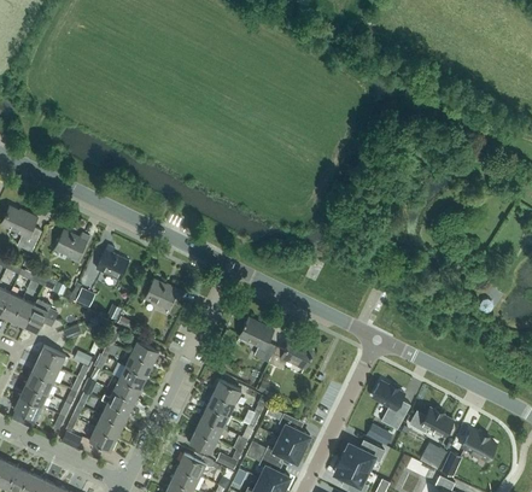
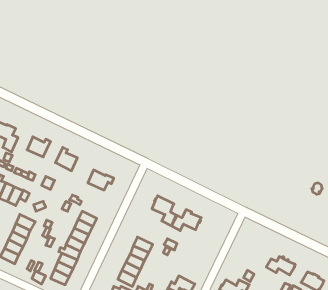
building: [373,381,410,429] -> none
building: [280,414,310,449] -> none

